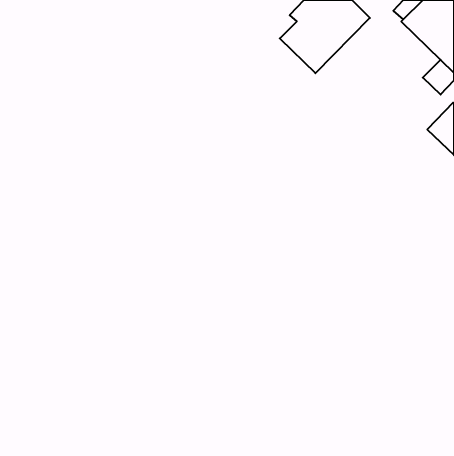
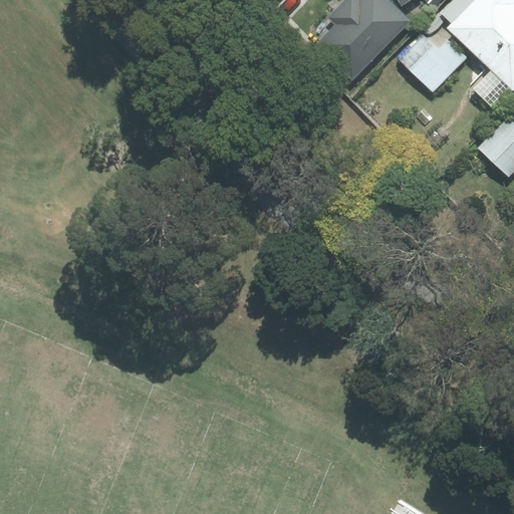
building: none -> [400,33,467,91]

